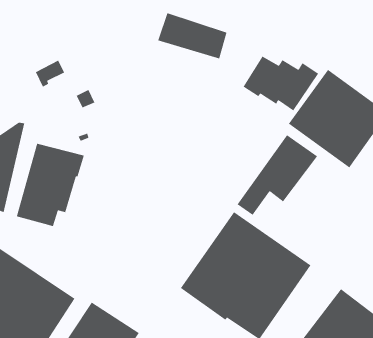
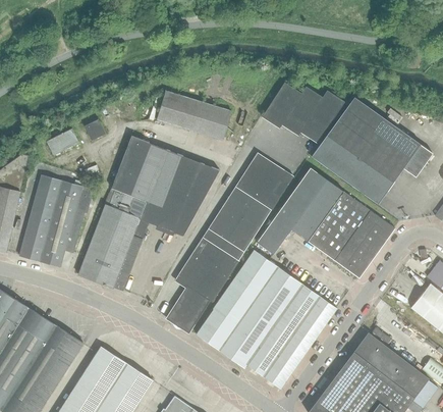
building: [157,12,228,60] -> [155,90,230,141]
building: [35,59,65,88] -> [46,128,78,159]
building: none -> [77,136,219,291]
building: none -> [167,153,293,331]
building: none -> [306,191,394,278]

